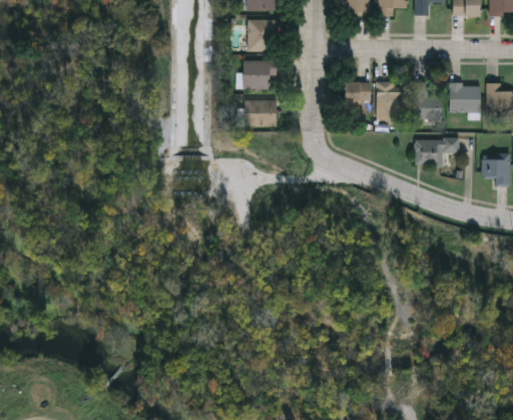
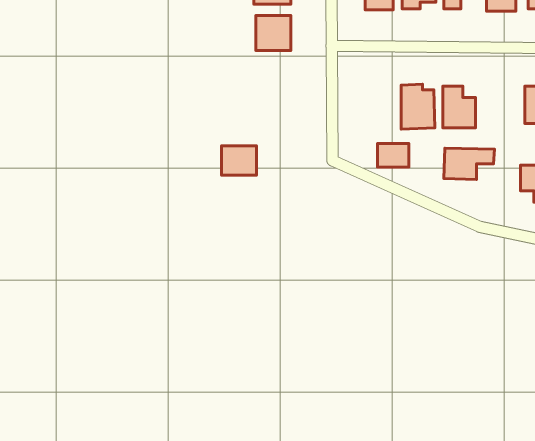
building: [242,60,279,89] -> none
building: [342,81,370,102] -> [377,144,409,167]
building: [449,83,479,112] -> none
building: [244,100,276,126] -> [222,146,257,175]

